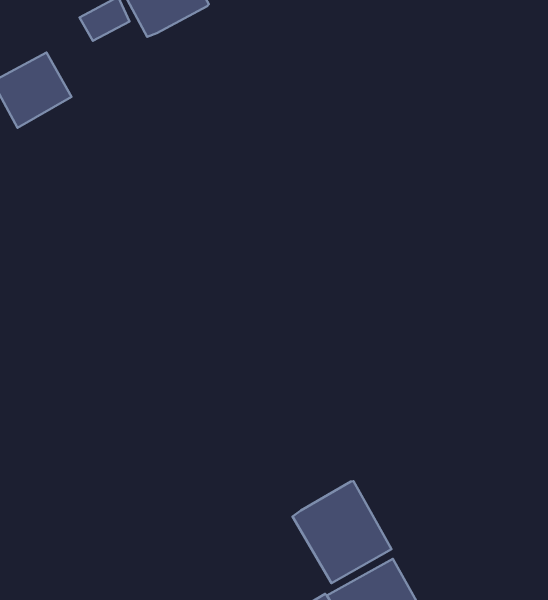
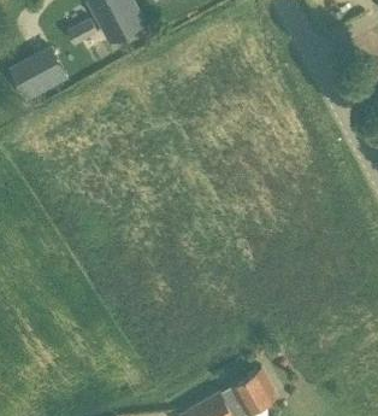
building: [293,481,392,583] -> none

